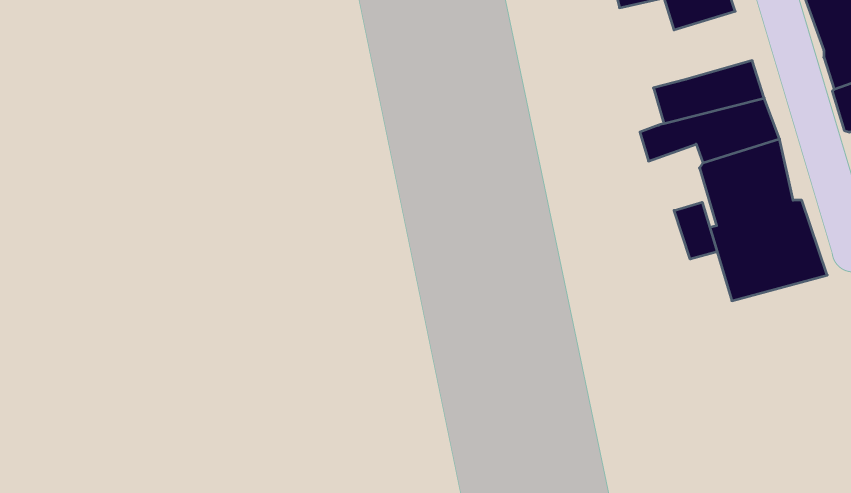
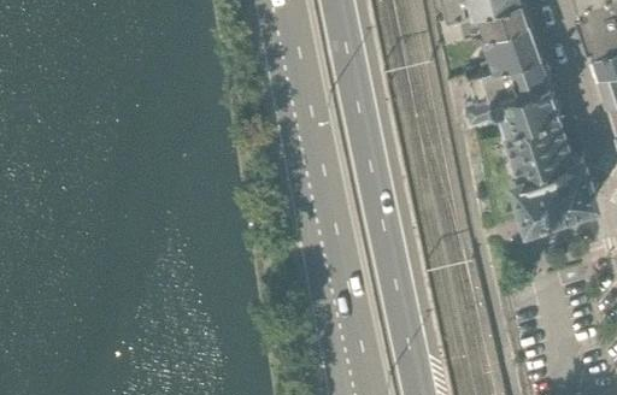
building: none -> [483,22,540,70]
building: [674,202,717,259] -> none

